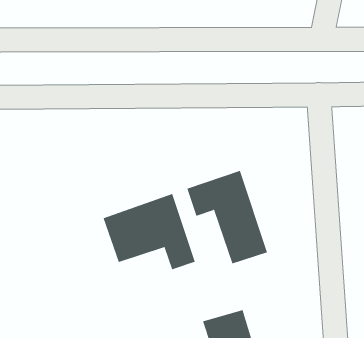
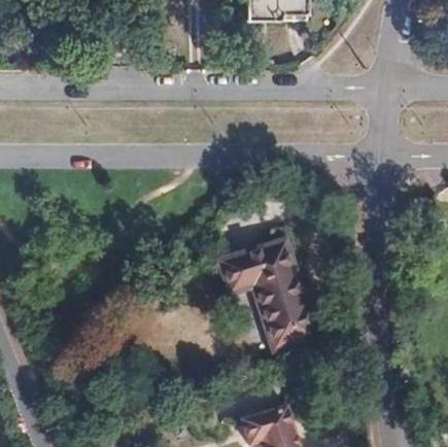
building: [103,193,196,270] -> none

